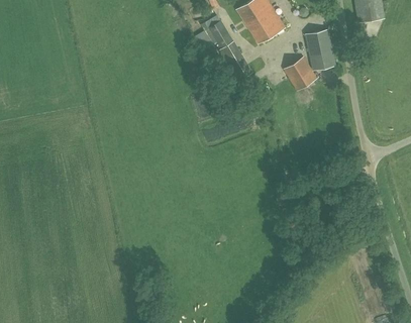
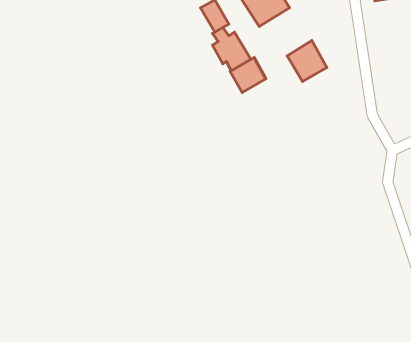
building: [305,29,335,70] -> none
building: none -> [230,57,266,92]

